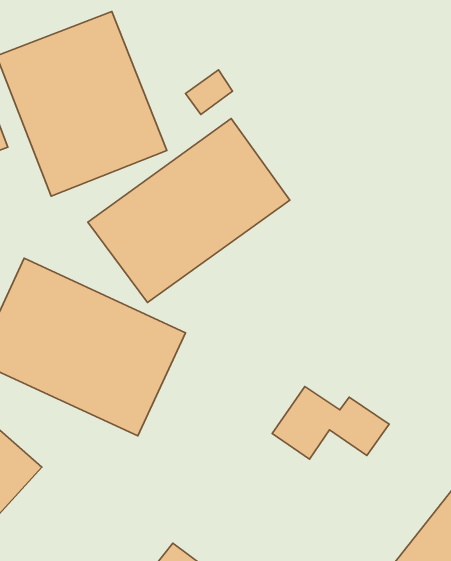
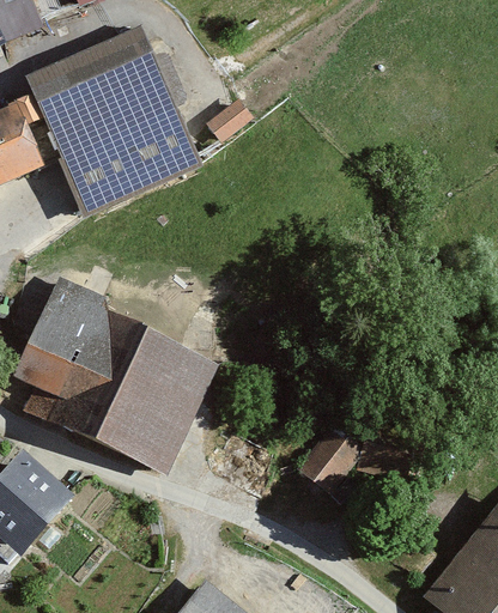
building: [88,119,290,303] -> none

